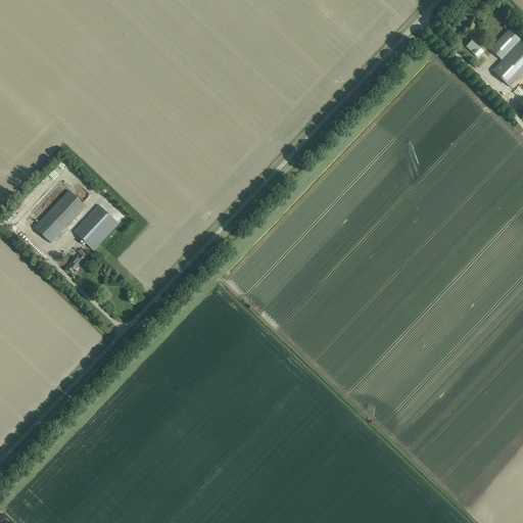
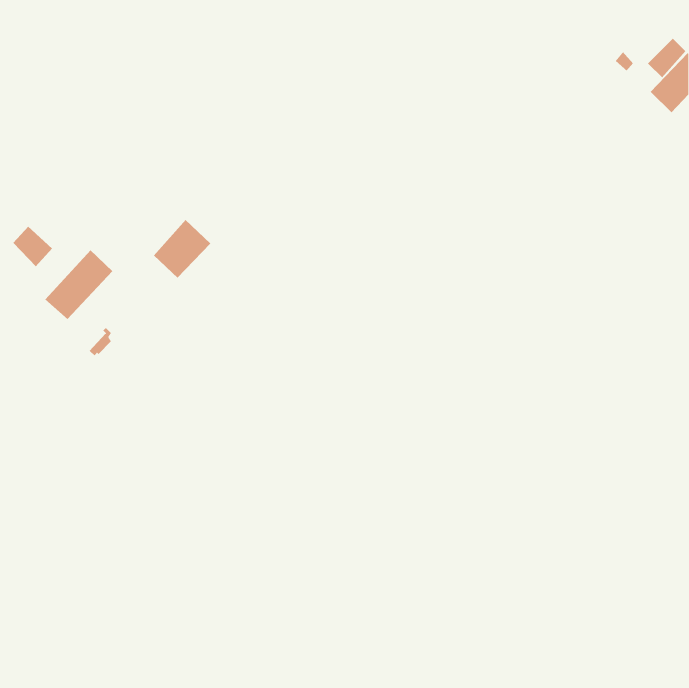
building: none -> [13,226,53,267]
building: [75,204,118,249] -> [153,219,211,278]

